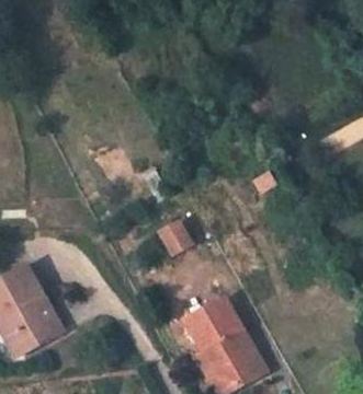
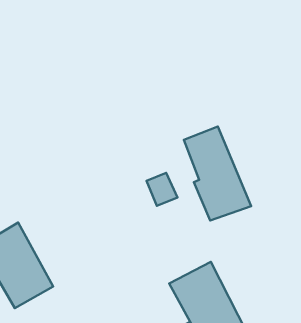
building: none -> [184,127,251,220]

